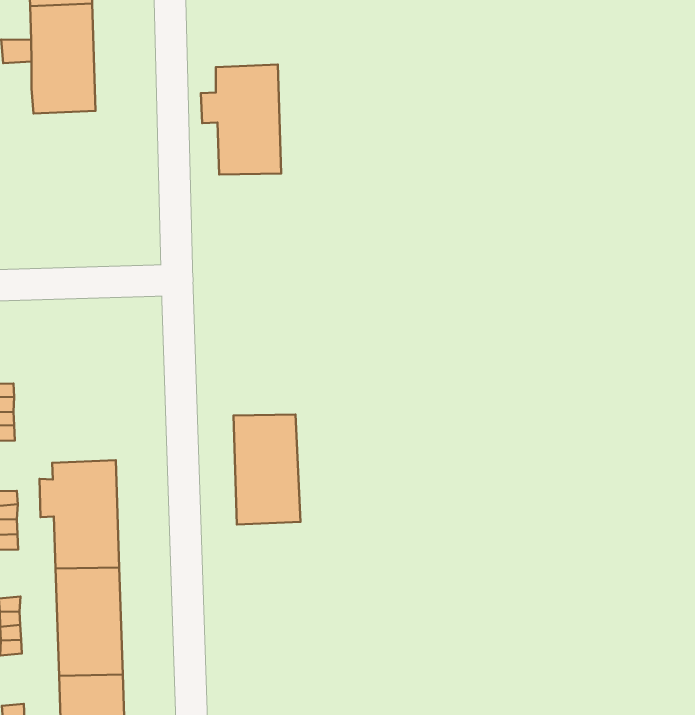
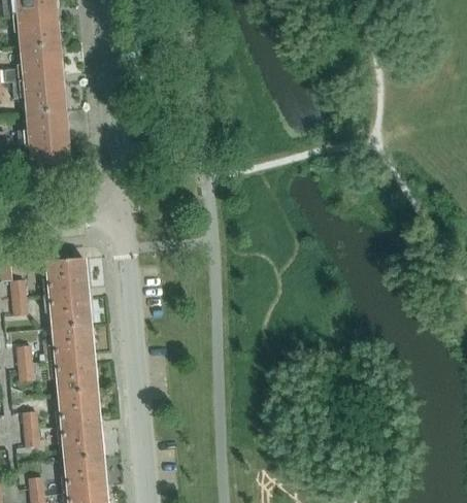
building: [201,64,281,175] -> [18,109,70,179]
building: [234,414,301,525] -> [44,258,90,328]

